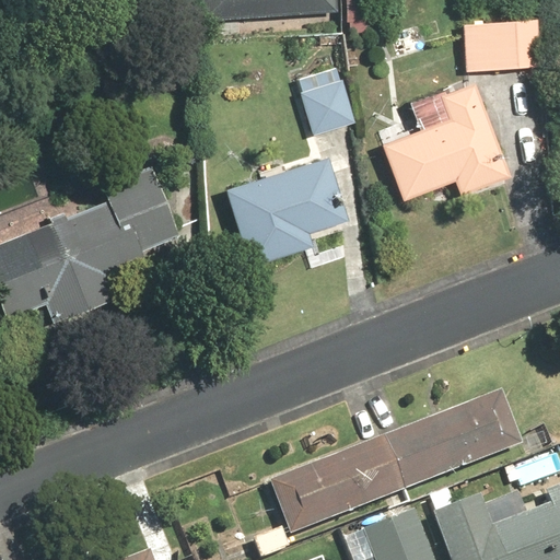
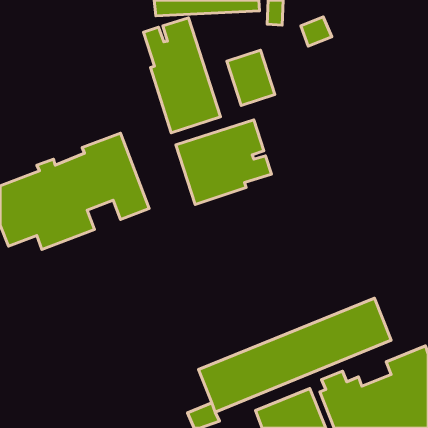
building: [455,21,532,71] -> none
building: none -> [143,18,220,133]
building: [384,78,515,203] -> none

